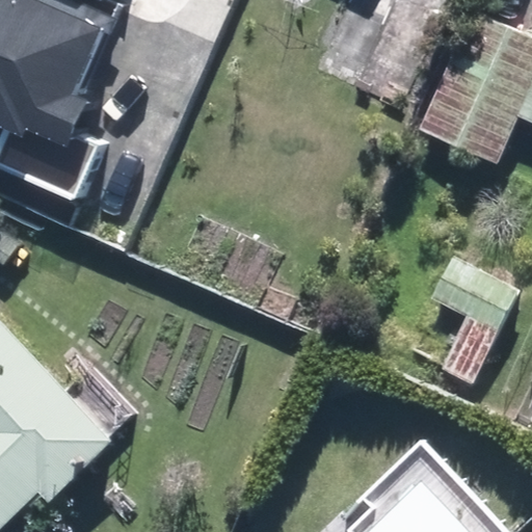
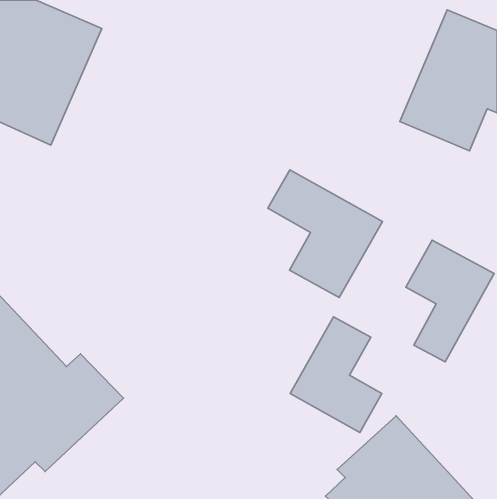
building: none -> [268,170,382,297]
building: none -> [290,317,382,432]

